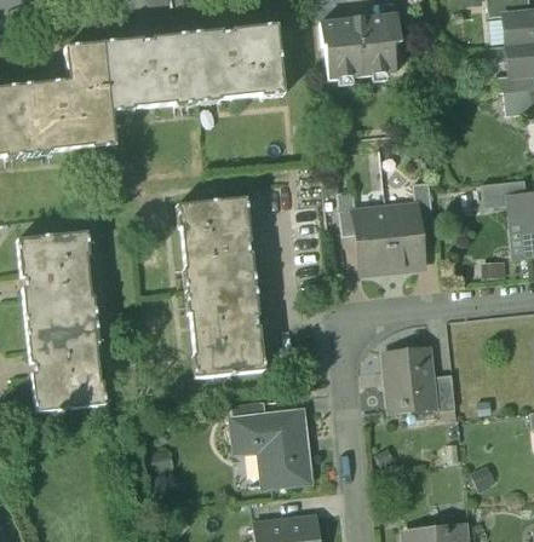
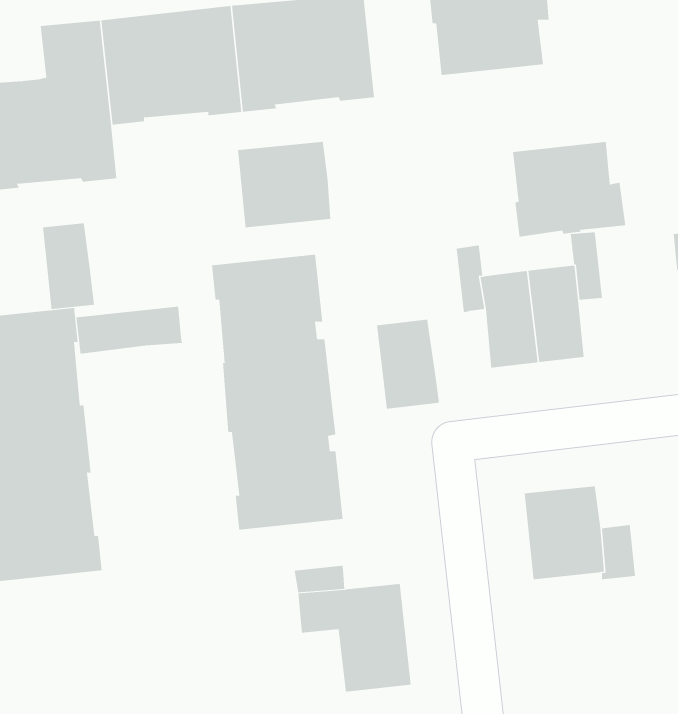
building: none -> [237,141,331,228]
building: none -> [513,141,626,237]
building: none -> [43,222,95,310]
building: none -> [76,306,183,354]
building: none -> [376,319,440,410]

